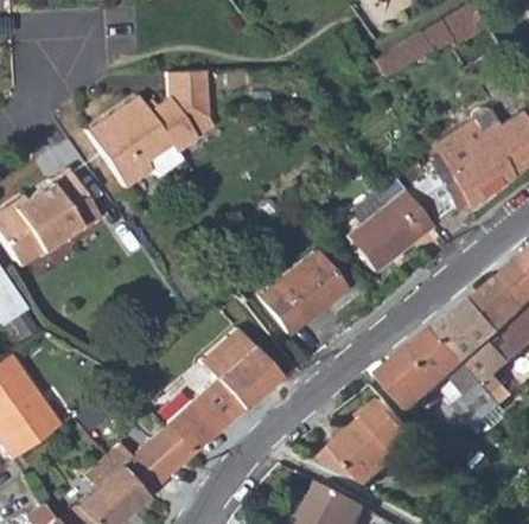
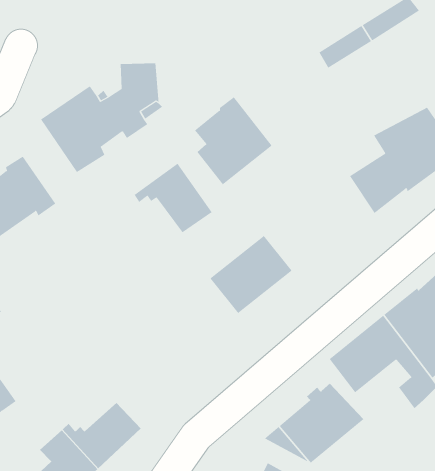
building: none -> [134,163,212,233]
building: [351,177,433,269] -> [194,97,273,185]
building: [165,326,275,450] -> none

